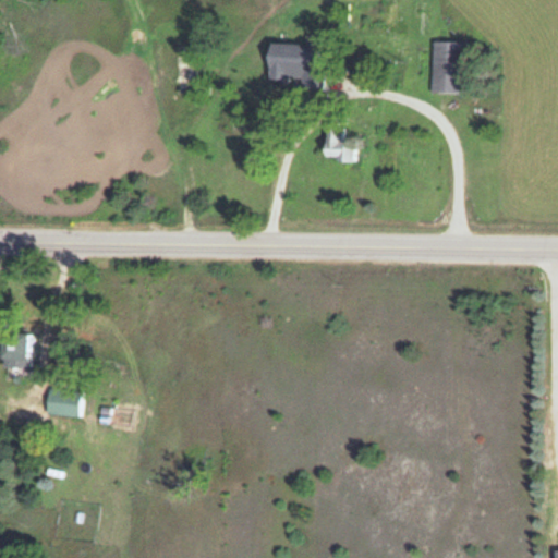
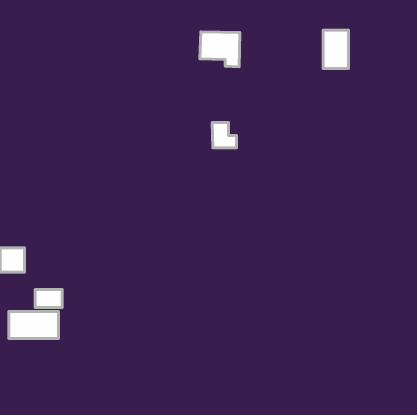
building: [324,129,356,162] -> [212,123,237,148]
building: none -> [9,312,58,339]

